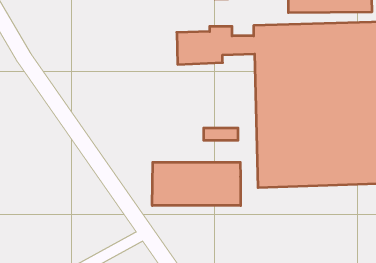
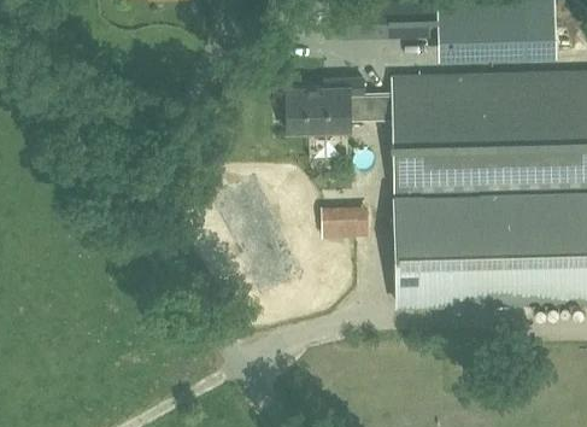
building: [152,162,241,206] -> none

